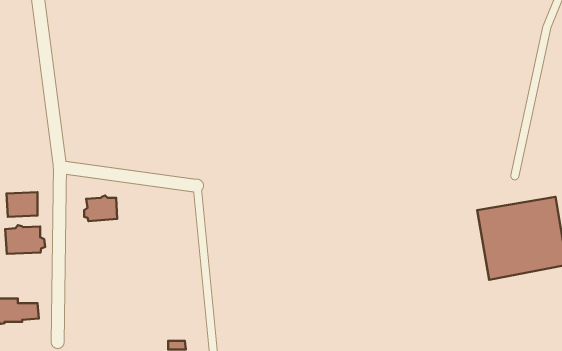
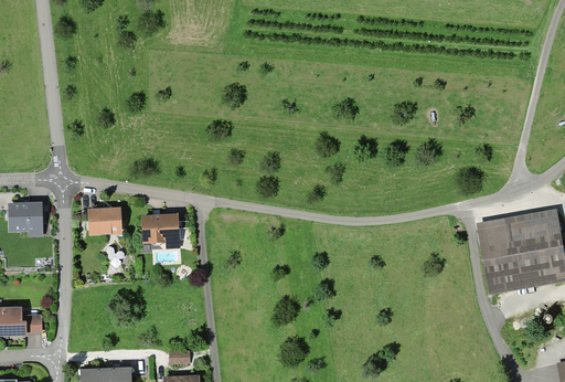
building: none -> [143,215,178,244]
building: [5,225,45,254] -> none

